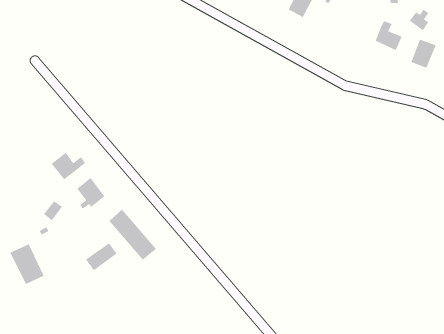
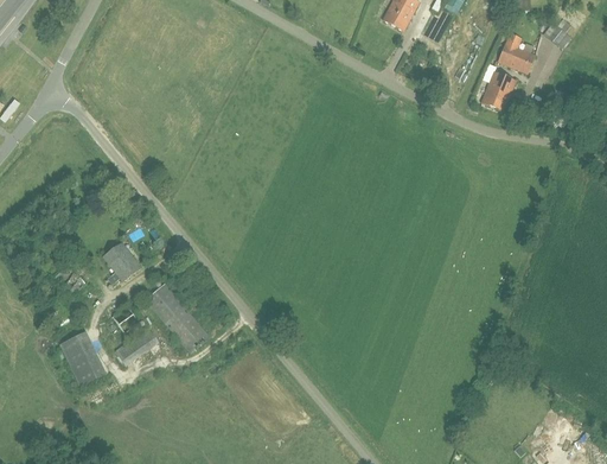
building: [411,39,437,69] -> [481,71,516,110]
building: [51,152,86,180] -> none
building: [9,243,44,285] -> [59,331,106,386]

